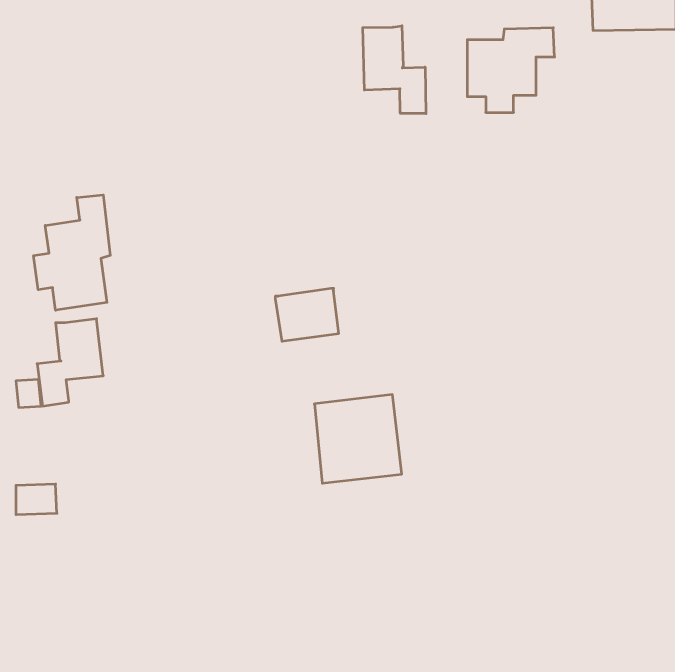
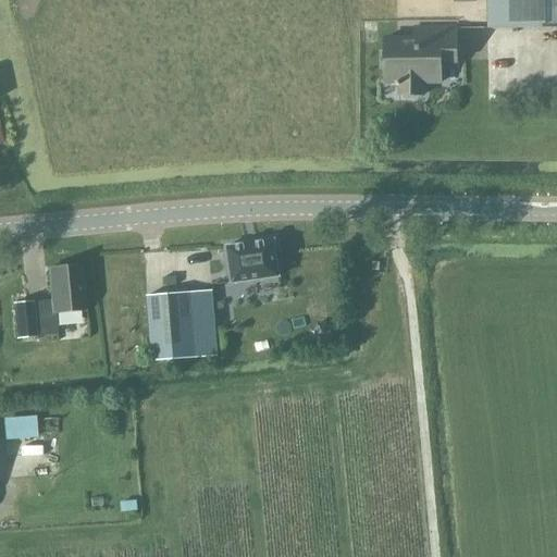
building: [363,26,426,114] -> none
building: [34,195,110,310] -> none
building: [314,395,402,483] -> [148,288,220,361]

